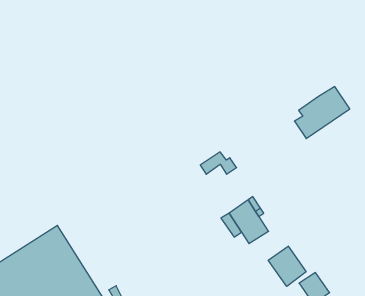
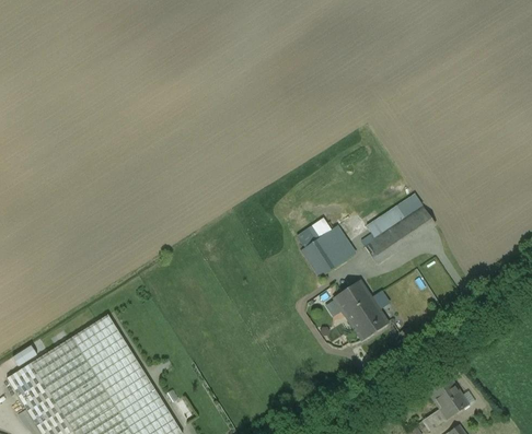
building: [294,87,350,139] -> [361,195,435,263]
building: none -> [301,235,356,278]
building: [268,246,306,286] -> none

